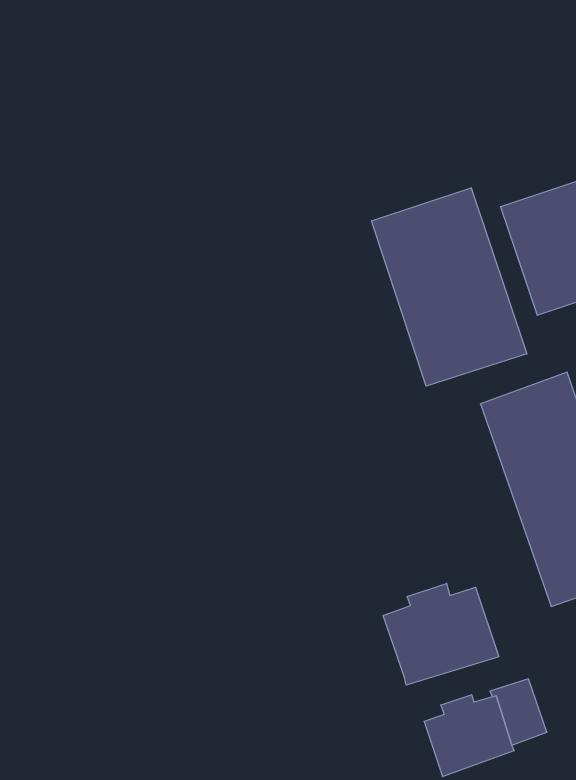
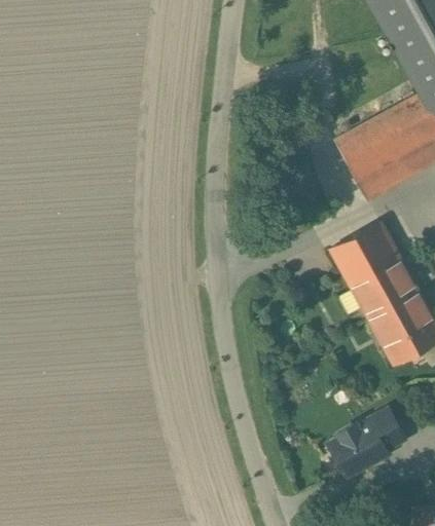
building: [372,188,527,386] -> none
building: [383,583,499,685] -> none

